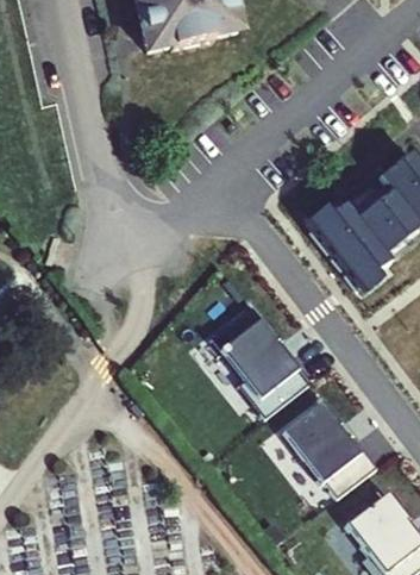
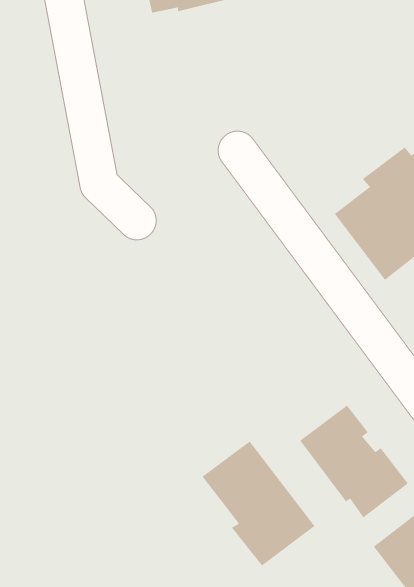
building: [211,307,312,419] -> [201,440,315,567]

